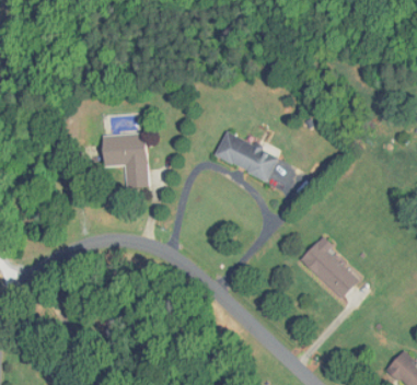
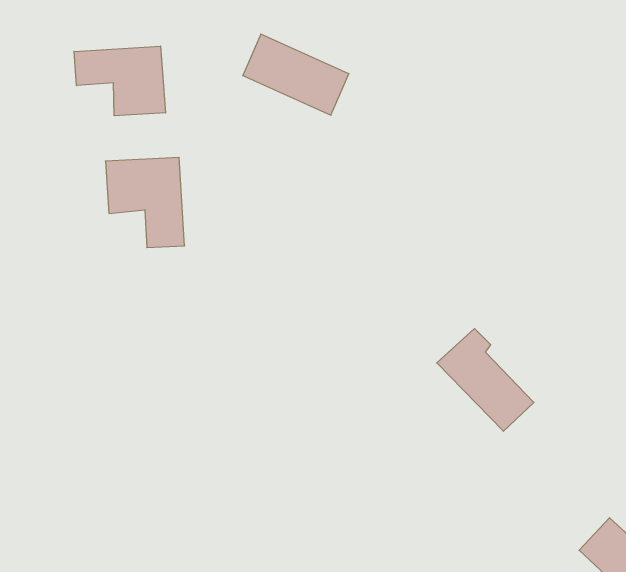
building: none -> [74,46,166,116]
building: [213,131,278,180] -> [243,34,349,115]

